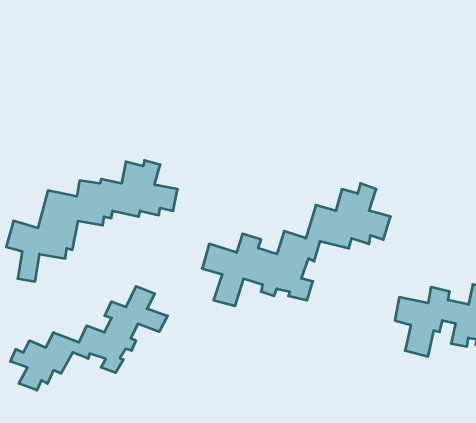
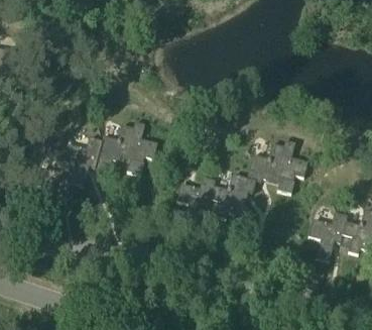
building: [10,286,168,390] -> none

